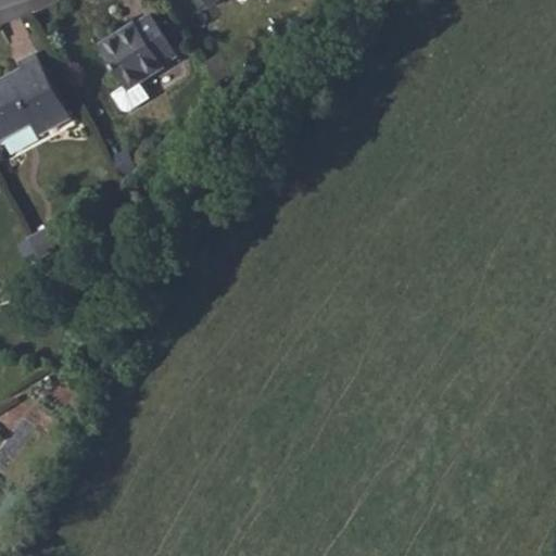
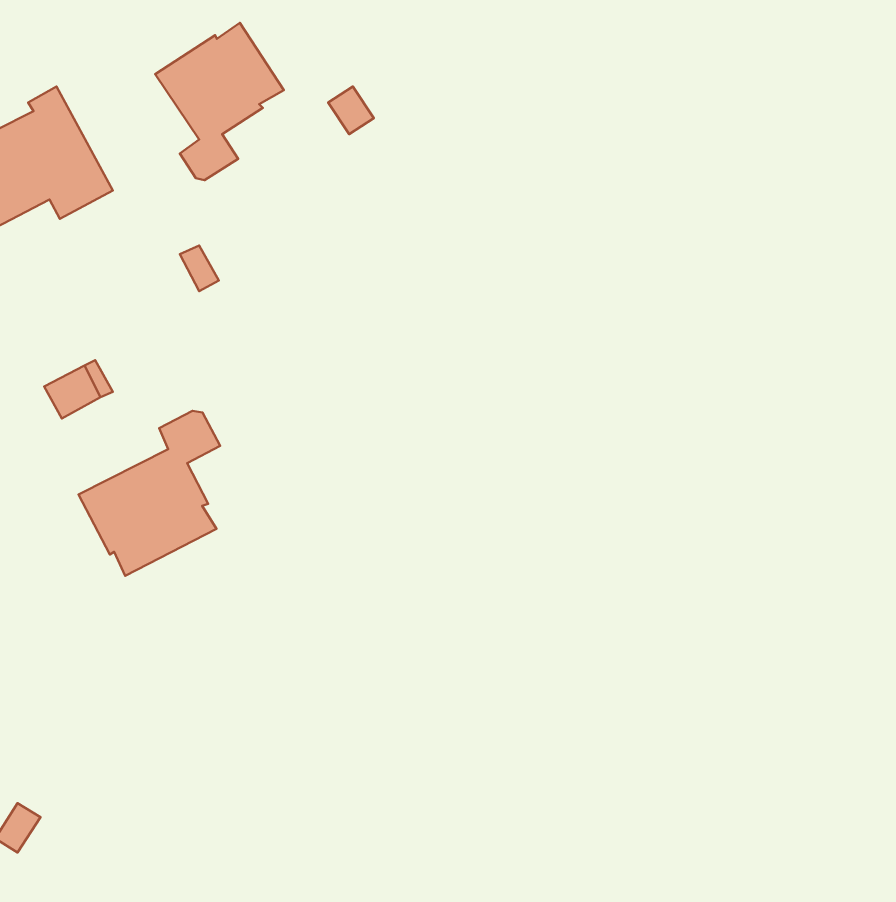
building: none -> [79,411,220,576]

